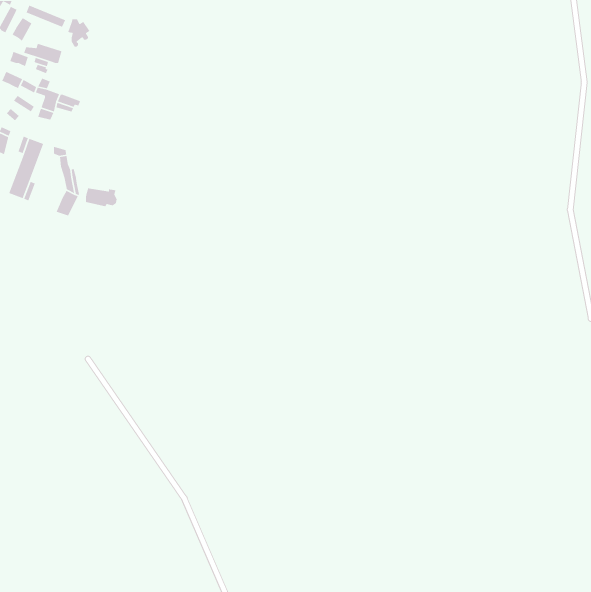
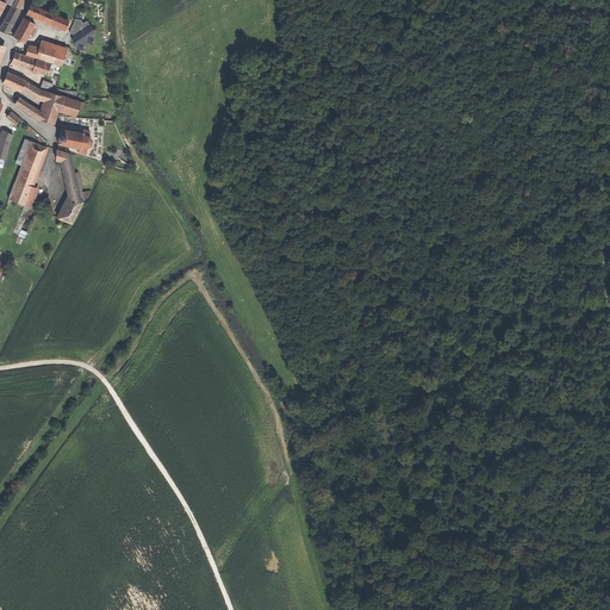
building: [85,187,117,207] -> [57,129,91,149]

